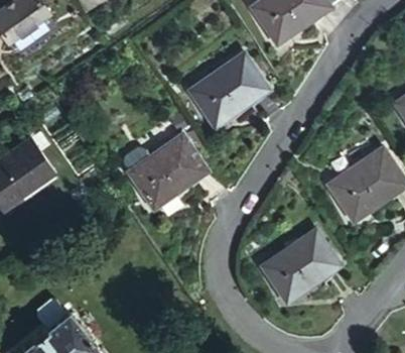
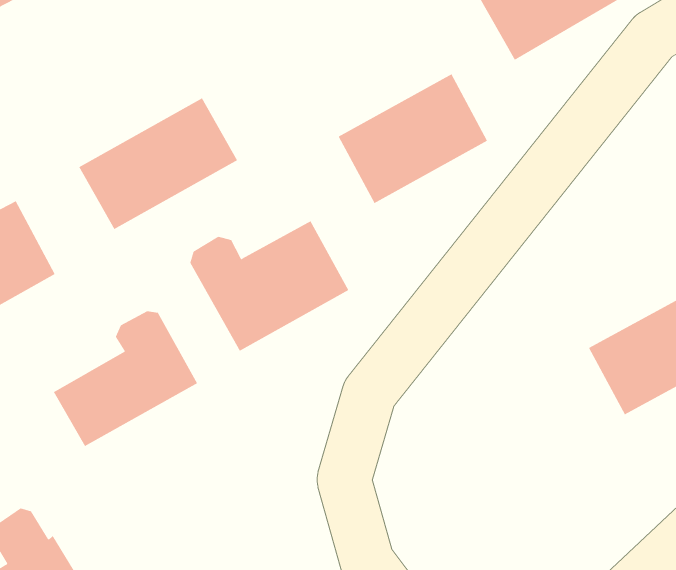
building: none -> [79,97,238,230]
building: none -> [53,311,198,447]
building: [263,231,337,301] -> none

